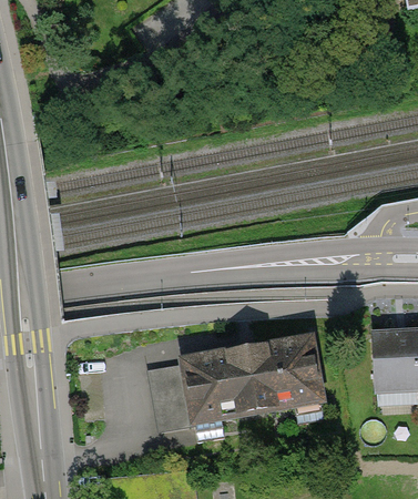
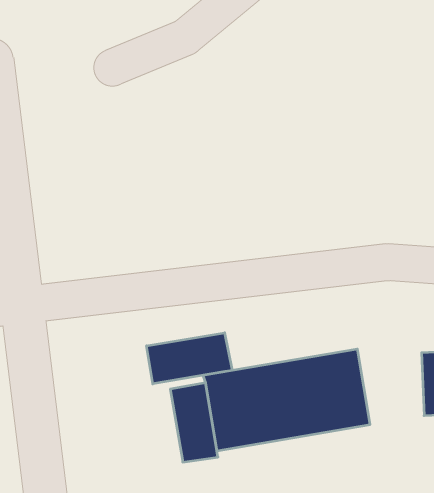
building: none -> [147,333,232,384]

